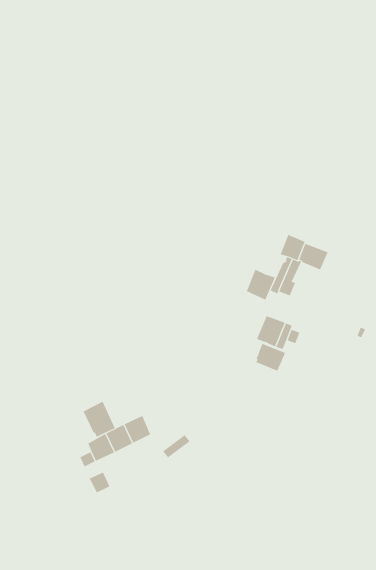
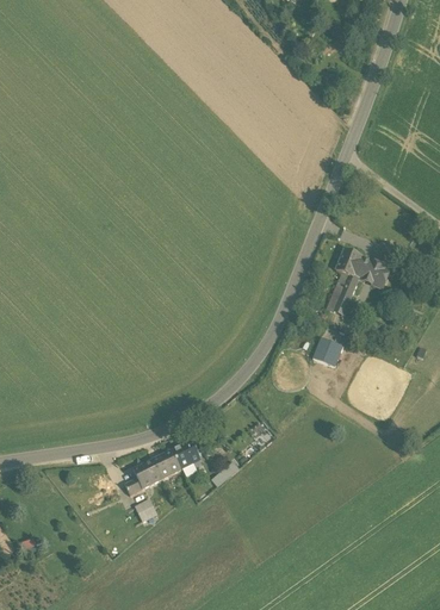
building: [246,269,275,301] -> none
building: [256,343,286,372] -> none
building: [83,401,115,437] -> none

